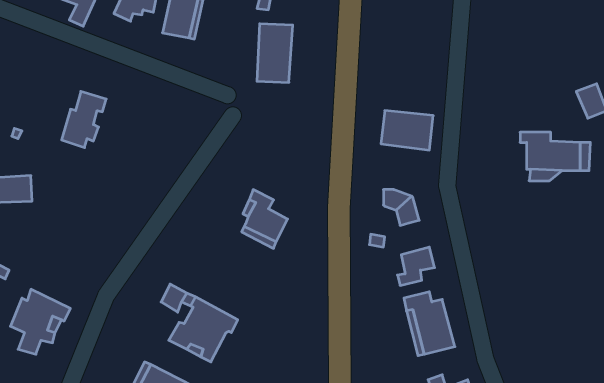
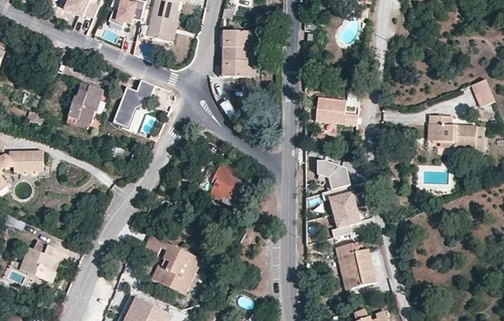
building: none -> [111,78,159,131]
building: none -> [321,186,355,211]

